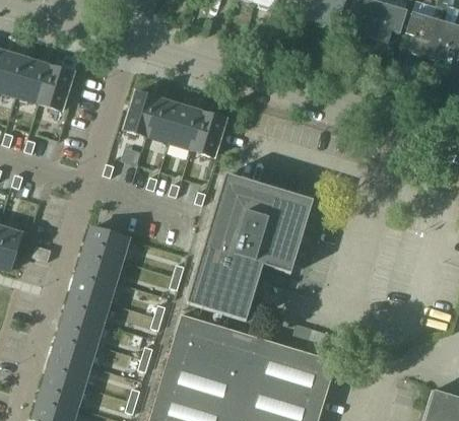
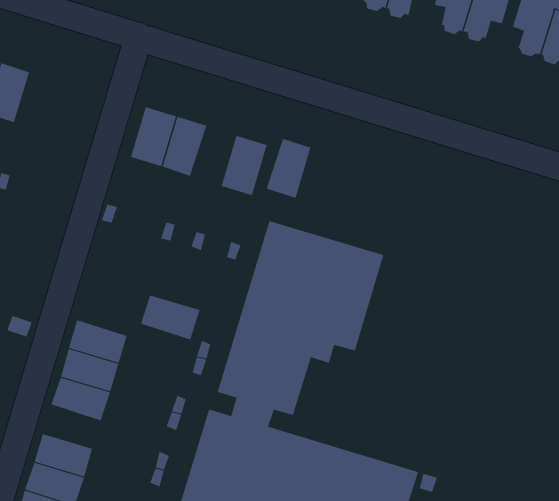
building: [39,66,73,111] -> none
building: [169,106,202,150] -> [266,138,311,198]
building: [84,227,129,261] -> [140,295,201,340]
building: [59,311,103,344] -> none

